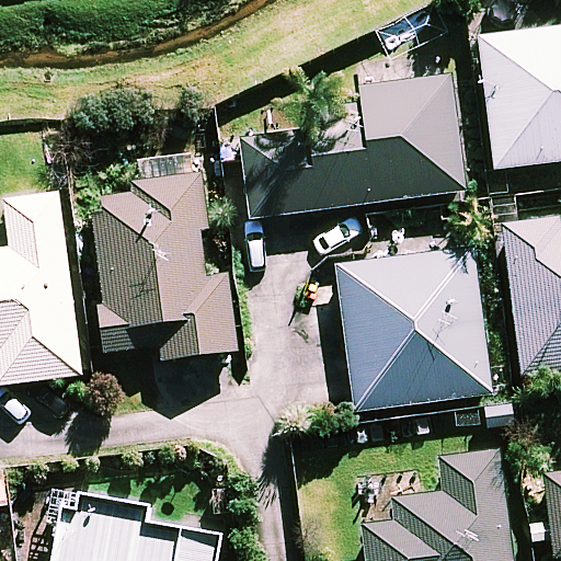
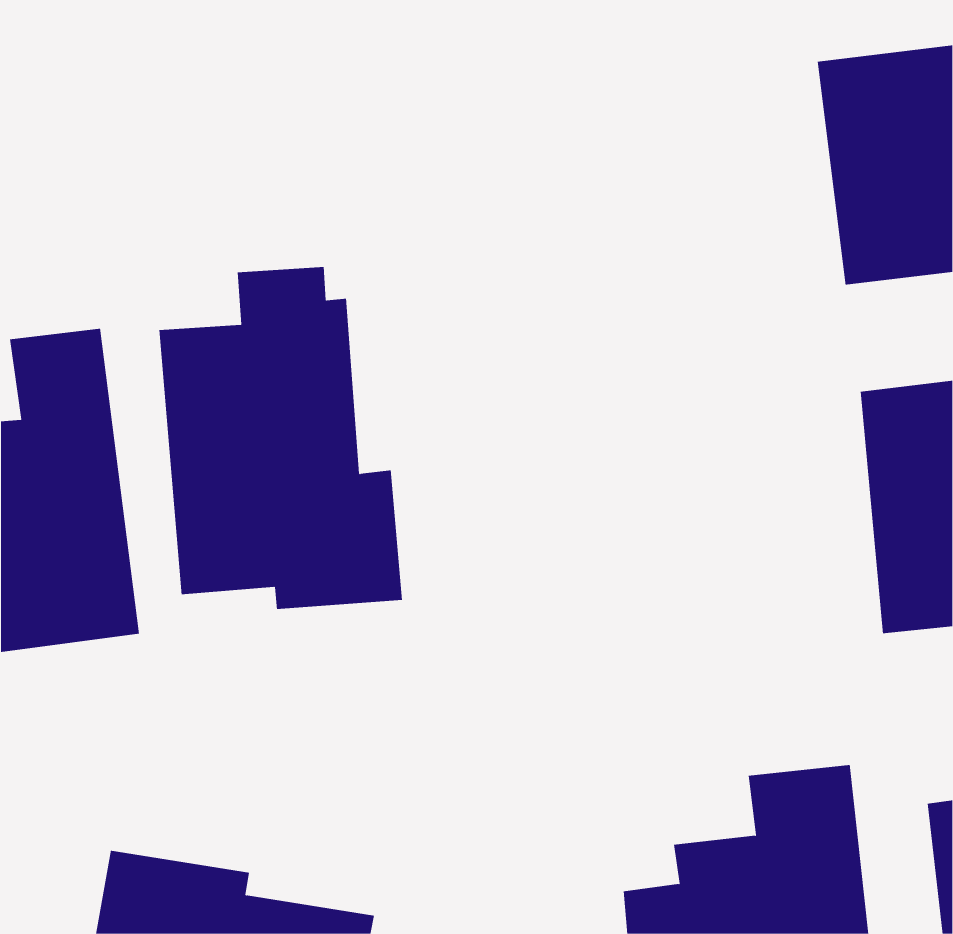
building: [244,76,465,216] -> none
building: [337,249,493,412] -> none

